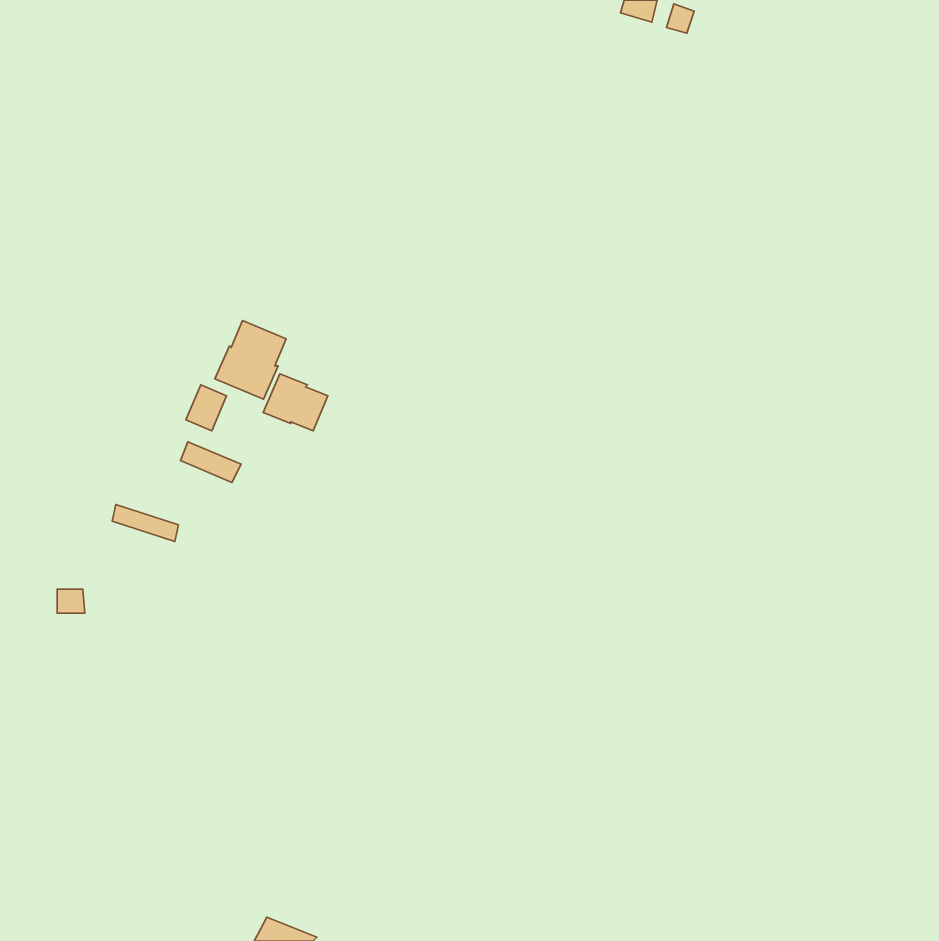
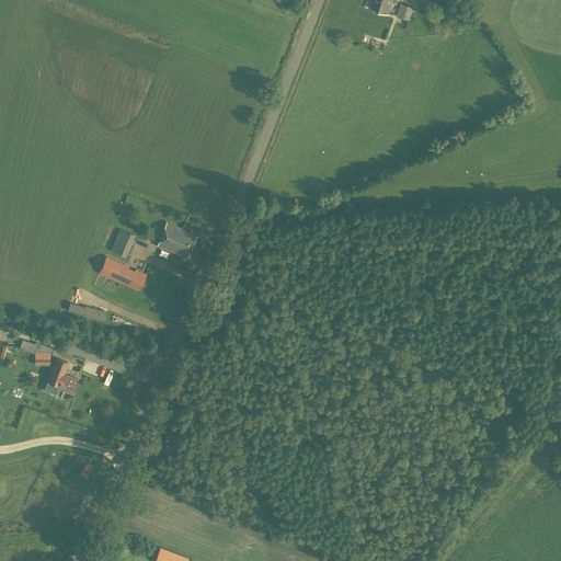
building: [215,320,286,399] -> none
building: none -> [45,357,79,393]

